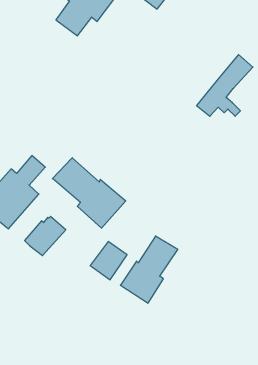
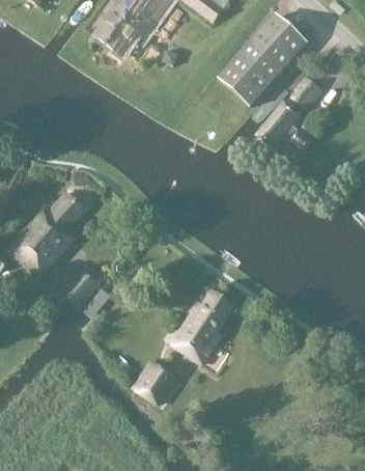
building: none -> [221,16,307,105]
building: [52,158,126,228] -> none
building: [90,241,127,280] -> [136,360,178,405]

